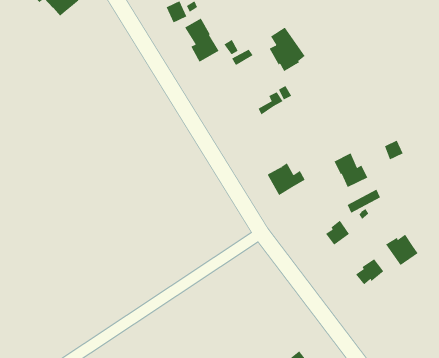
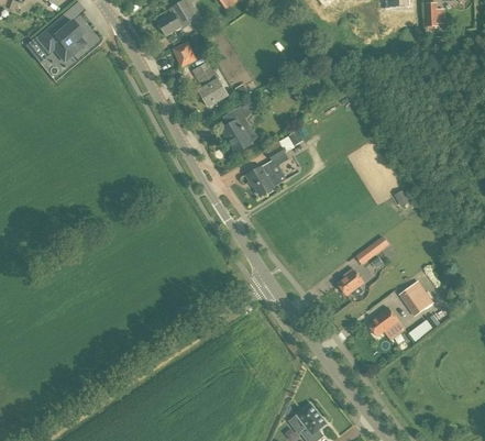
building: [269,27,305,72] -> [221,107,258,153]
building: [334,152,368,188] -> none
building: [267,163,306,196] -> [247,162,287,196]

